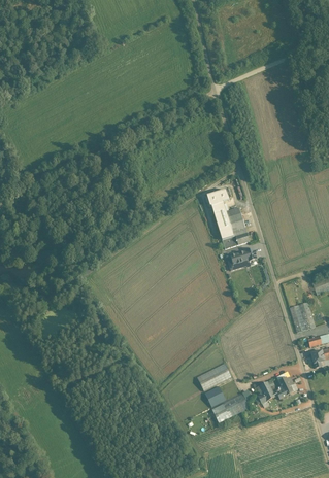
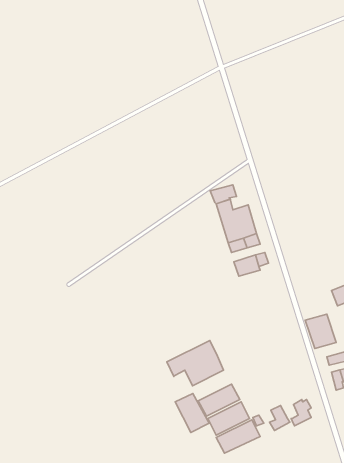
building: none -> [167,340,223,386]
building: none -> [175,393,209,433]

